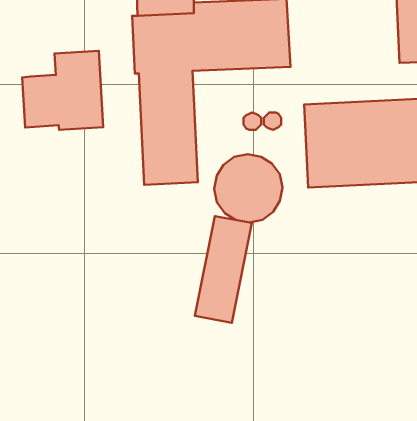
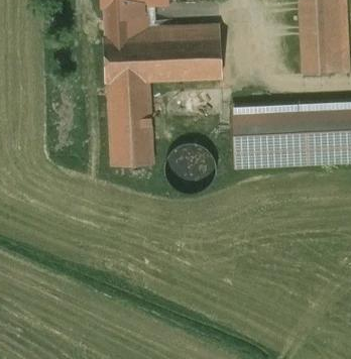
building: [22,51,103,130] -> none
building: [195,216,252,323] -> none

